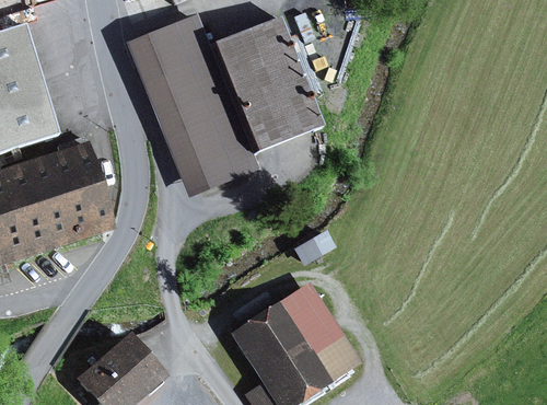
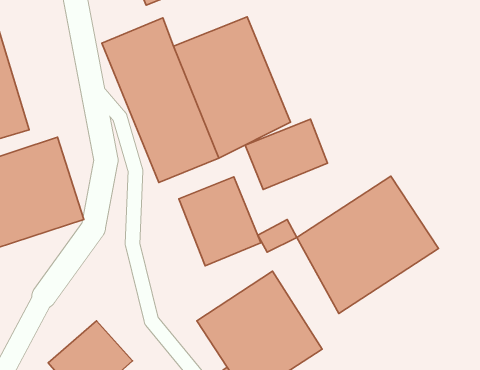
building: none -> [245,119,328,190]
building: none -> [297,176,438,313]
building: none -> [179,177,261,266]

